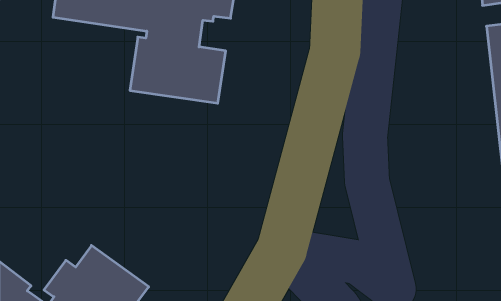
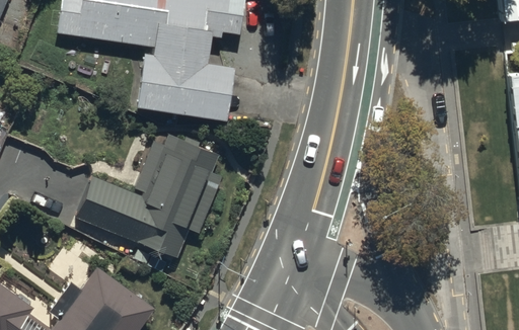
building: none -> [77,135,223,258]

